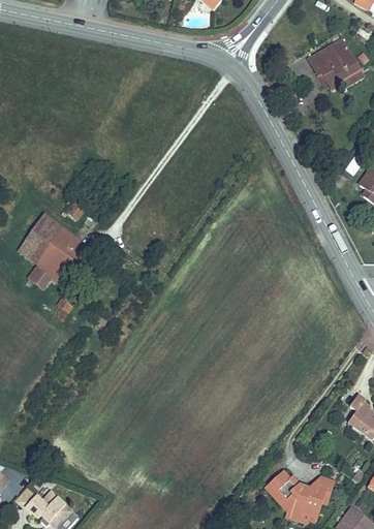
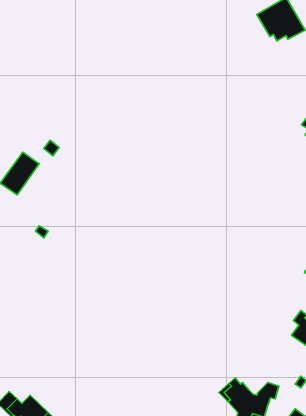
building: [28,228,88,289] -> none

